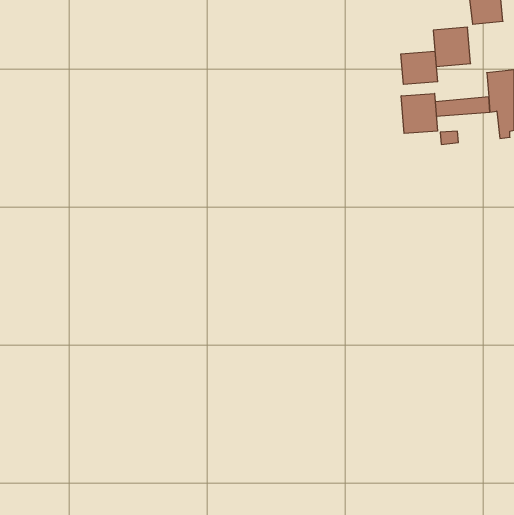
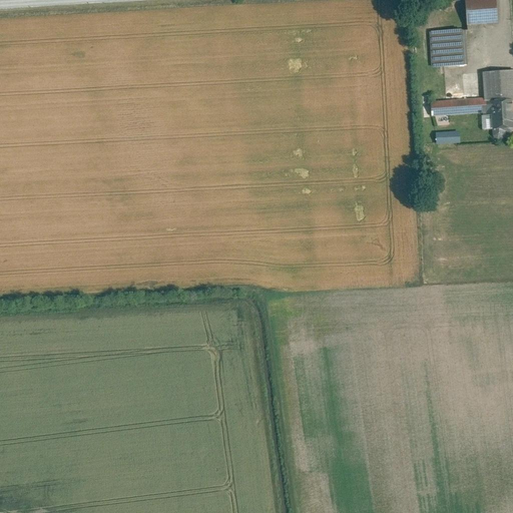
building: [401,51,438,84] -> none
building: [401,93,437,133] -> none

